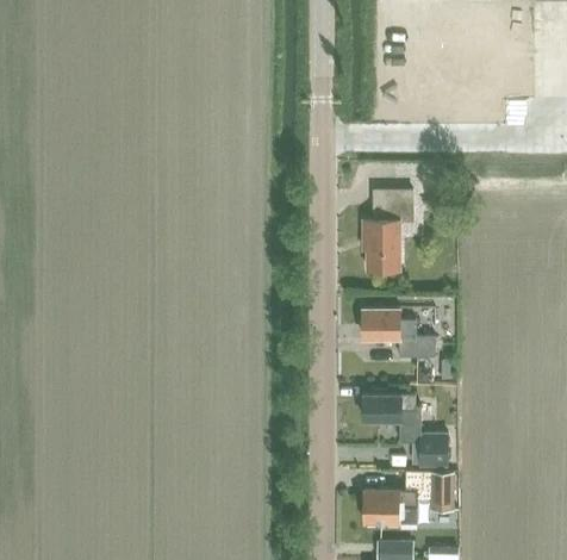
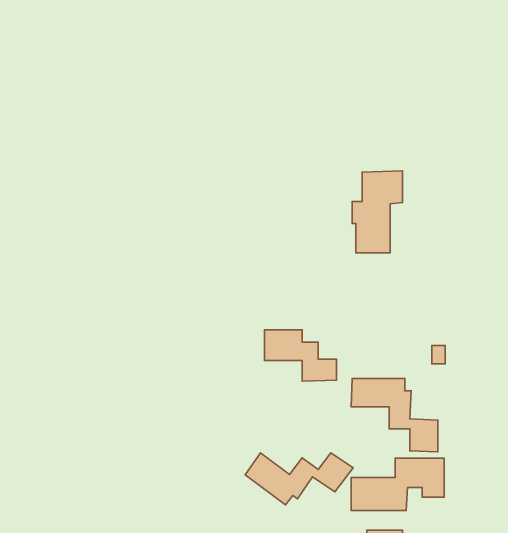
building: [362,310,432,360] -> [264,330,337,381]
building: none -> [245,453,353,505]

